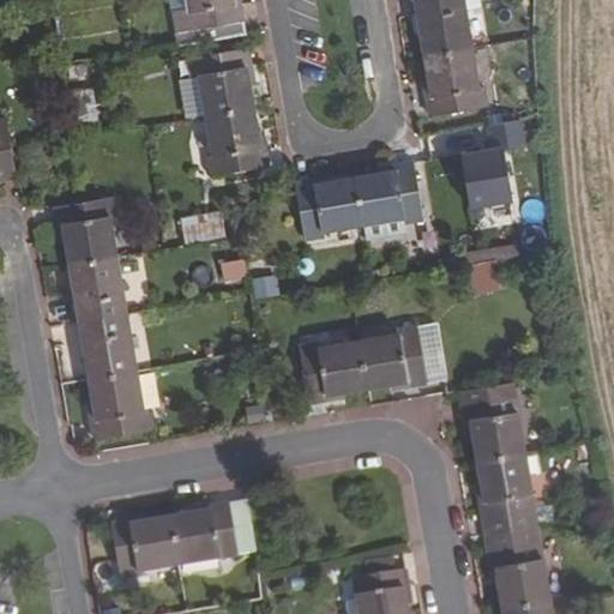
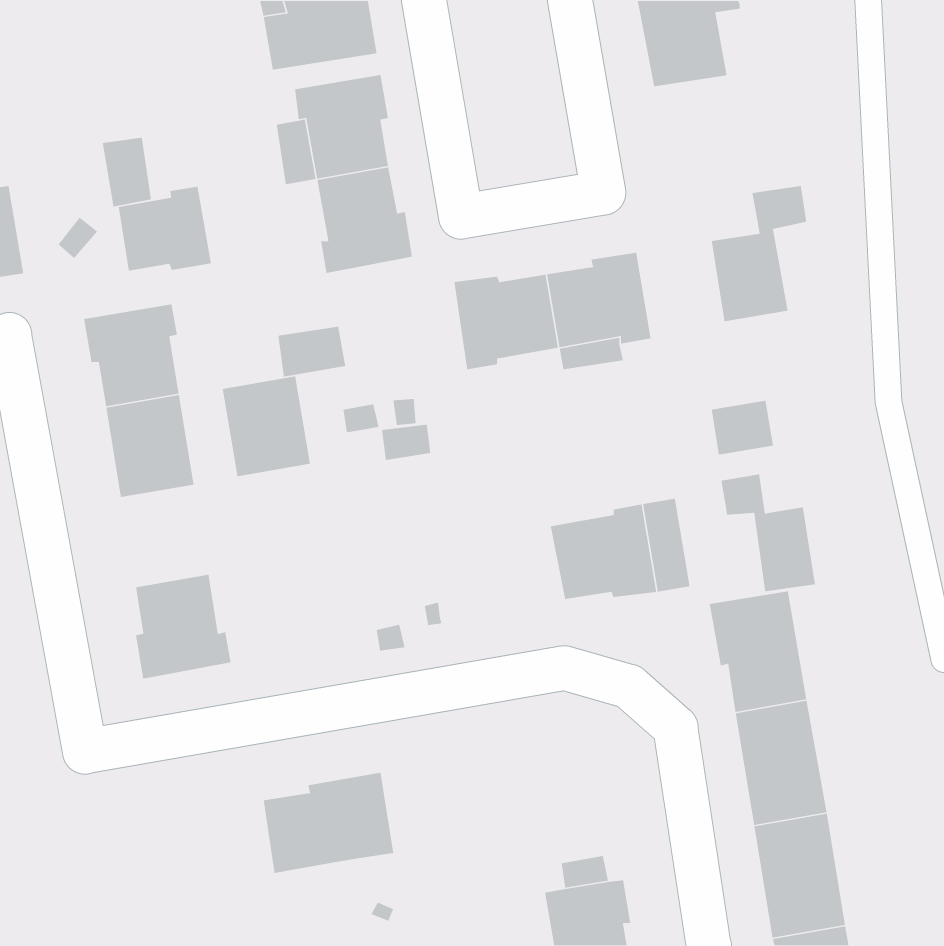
building: [423,49,487,116] -> none
building: none -> [118,186,212,272]
building: none -> [721,473,816,592]
building: [78,314,136,380] -> [222,375,311,477]
building: [297,341,366,403] -> none
building: [109,518,177,577] -> none

